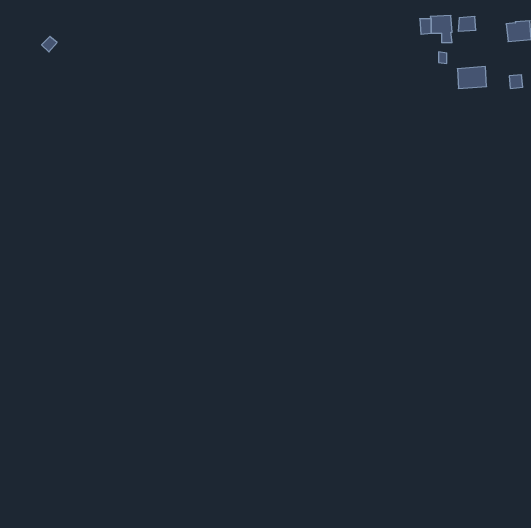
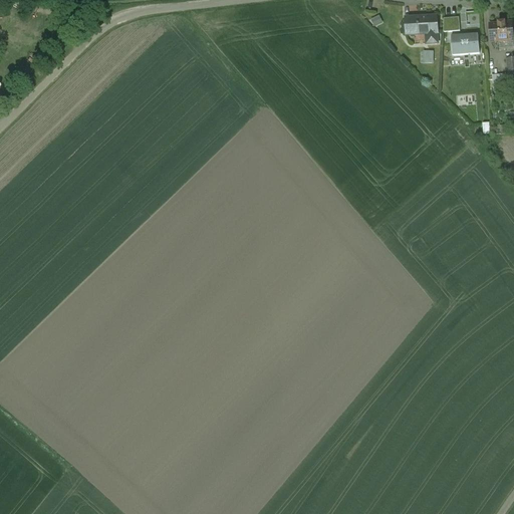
building: [457,67,487,88] -> [451,33,479,54]

